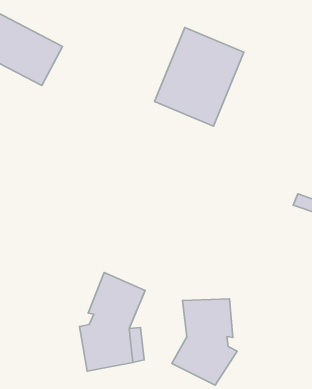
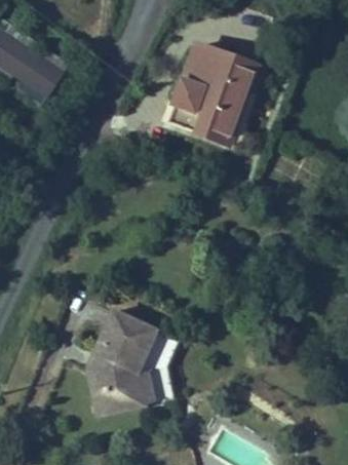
building: [172,299,237,385] -> none

